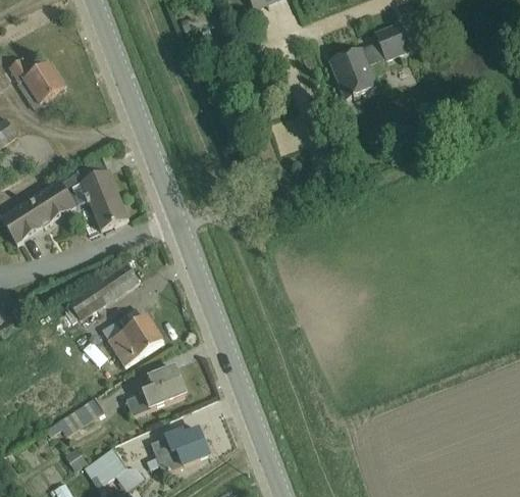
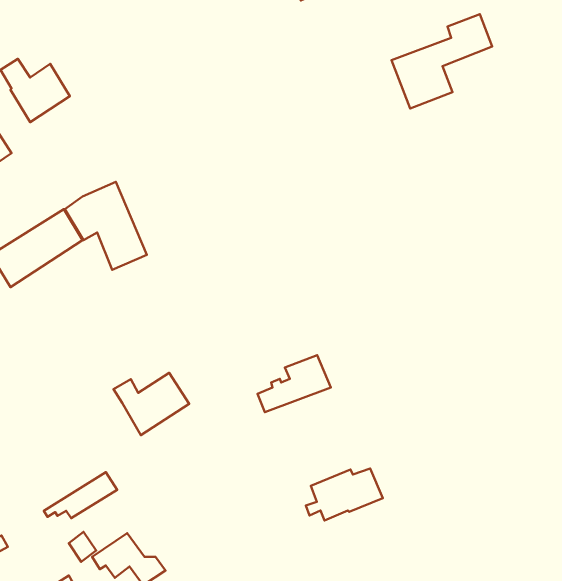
building: [72,261,139,316] -> none
building: [125,368,186,415] -> [257,355,331,412]
building: [146,430,209,473] -> [306,468,383,521]

